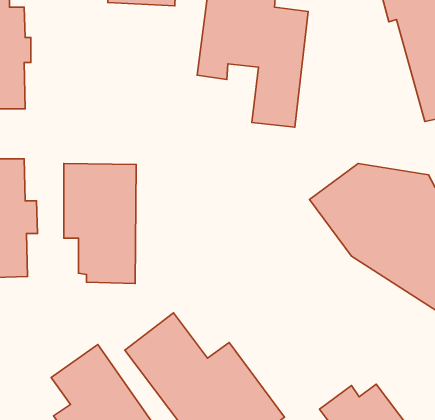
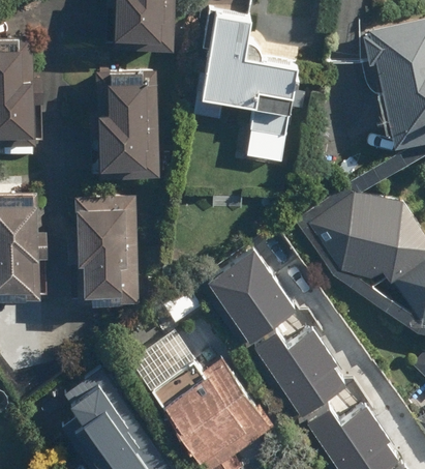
building: none -> [88,69,161,177]
building: none -> [210,246,294,333]
building: none -> [250,321,343,409]

